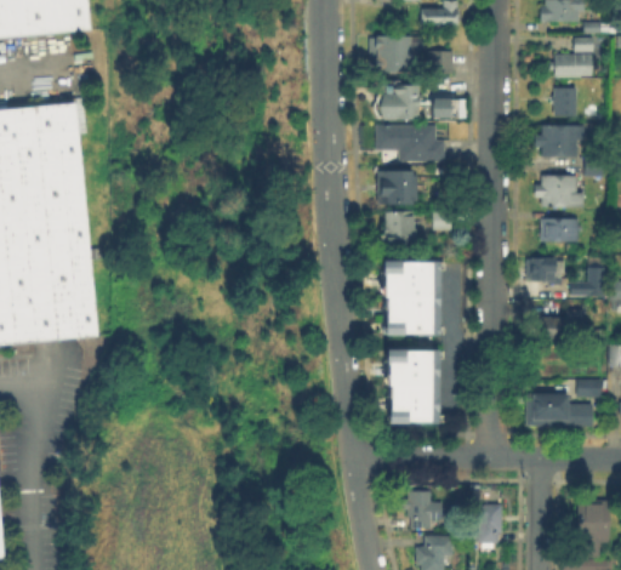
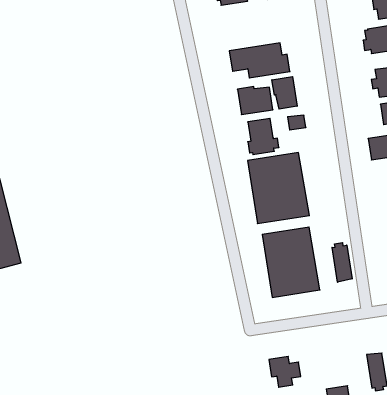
building: [383,86,421,118] -> none
building: [429,97,463,115] -> none
building: none -> [272,77,297,109]
building: none -> [332,243,352,282]
building: [409,494,443,528] -> [269,356,301,387]

